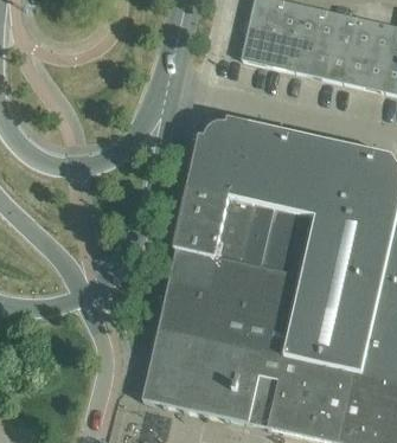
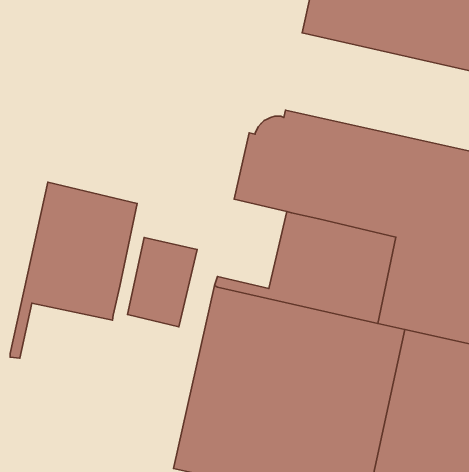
building: none -> [10,182,137,358]
building: [175,188,230,258] -> [128,237,197,327]

